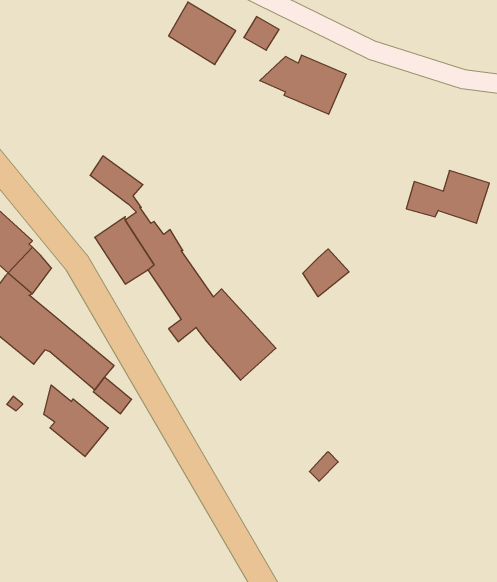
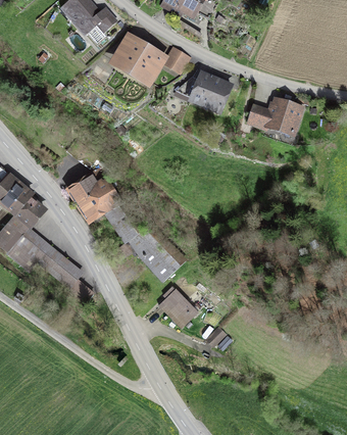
building: [406,170,489,223] -> [247,99,300,133]
building: [303,249,349,297] -> none
building: [44,385,108,457] -> none
building: none -> [160,286,196,326]

